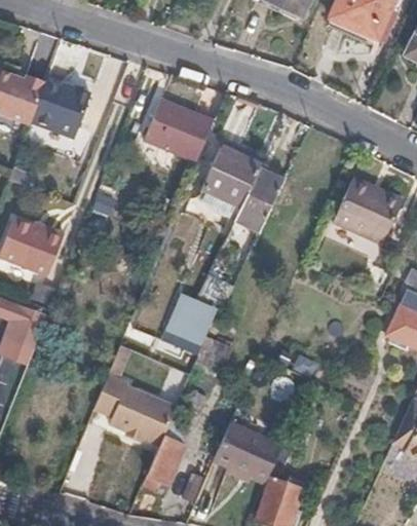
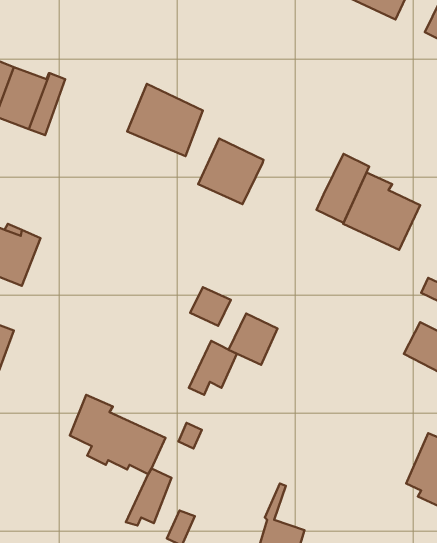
building: [239,167,286,228] -> [317,154,369,223]
building: [175,300,218,345] -> [229,313,278,365]
building: [212,420,280,482] -> none

